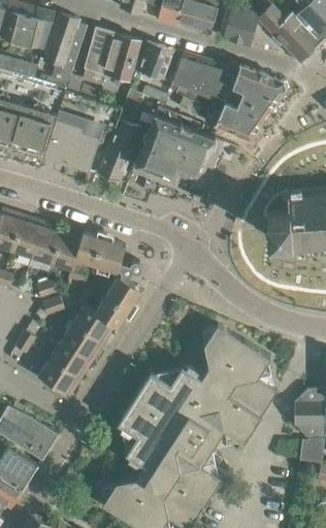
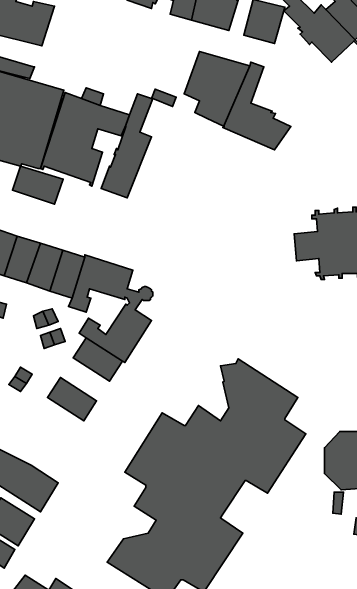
building: [42,13,86,82] -> none
building: [80,28,139,85] -> none
building: [136,42,173,79] -> none
building: [228,66,285,119] -> none
building: [134,105,214,184] -> none
building: none -> [12,166,63,204]
building: [60,323,103,361] -> none
building: [37,358,80,397] -> none

